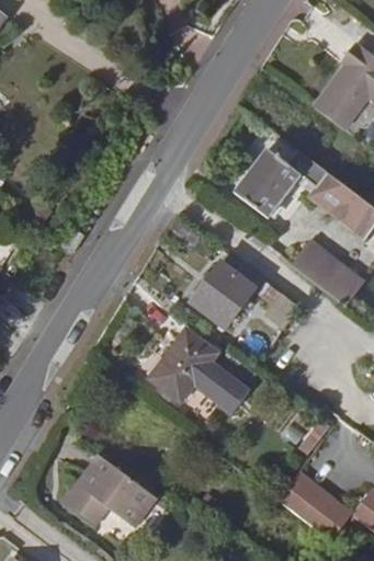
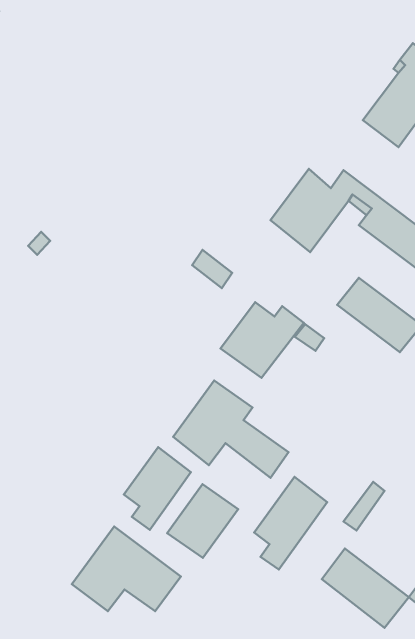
building: none -> [124,447,191,530]
building: none -> [254,477,327,570]
building: none -> [167,484,238,558]

